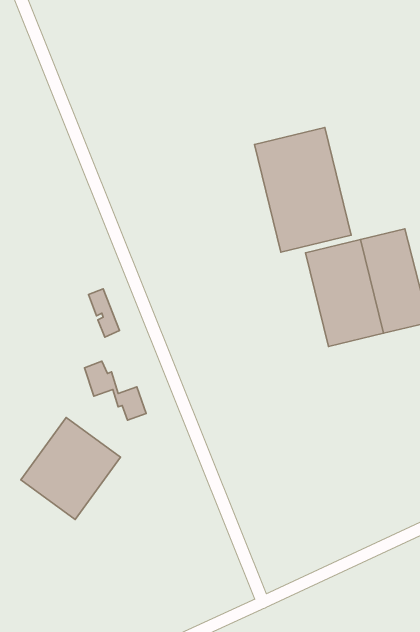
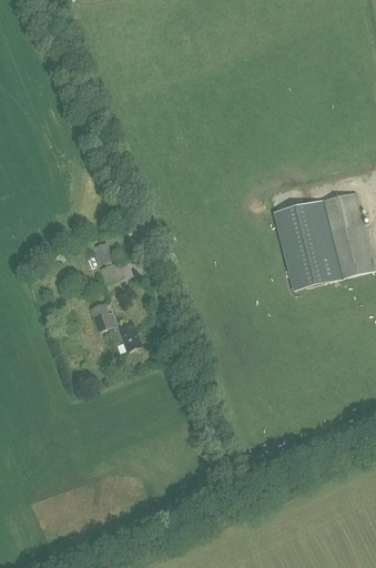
building: [255,128,351,252] -> none
building: [21,418,121,519] -> none

